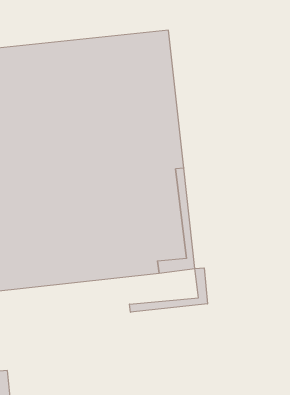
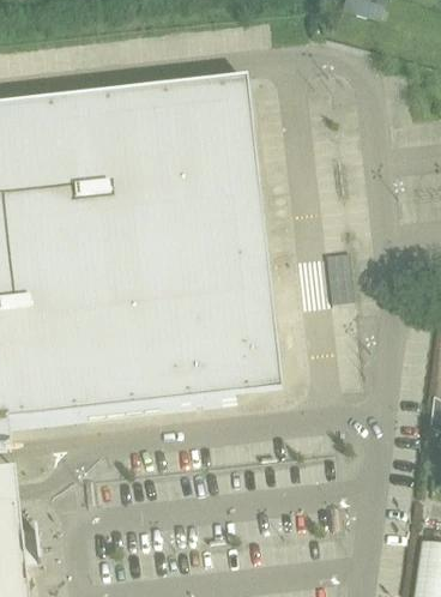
building: [130,268,207,312] -> none

